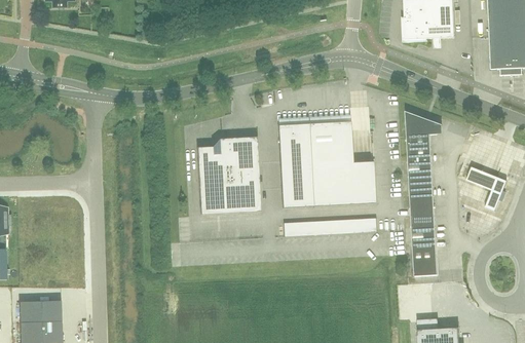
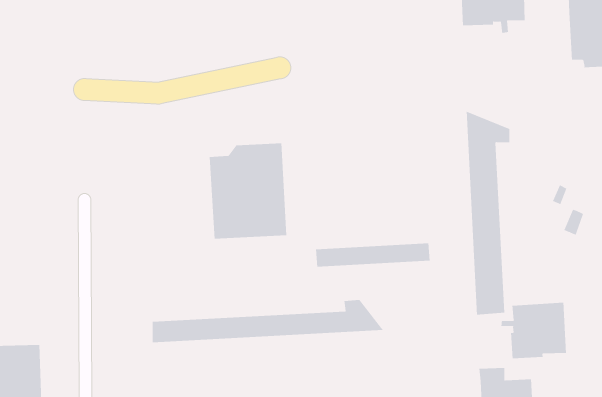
building: [278,120,376,207] -> none
building: none -> [152,299,384,343]
building: none -> [501,302,566,359]

